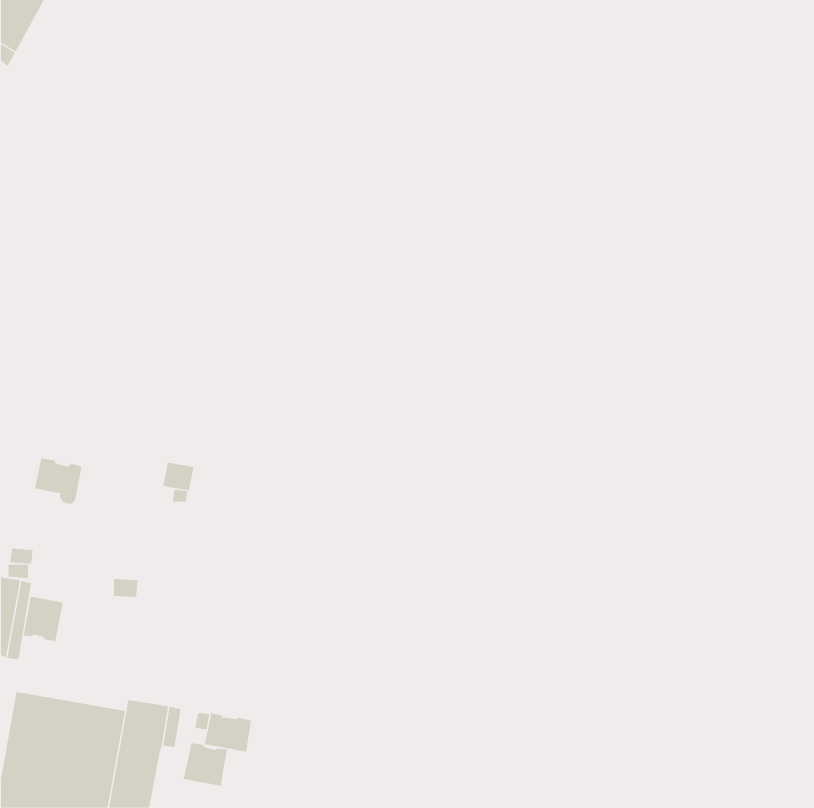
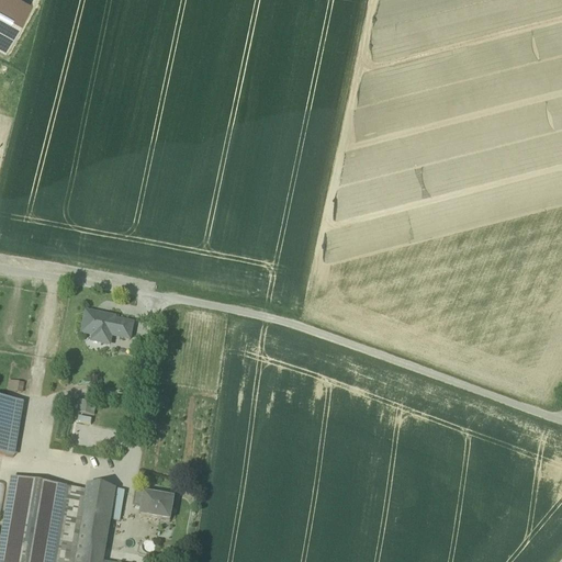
building: [34,458,82,505] -> [82,311,115,342]
building: [23,596,64,642] -> none
building: [183,743,228,786] -> none

